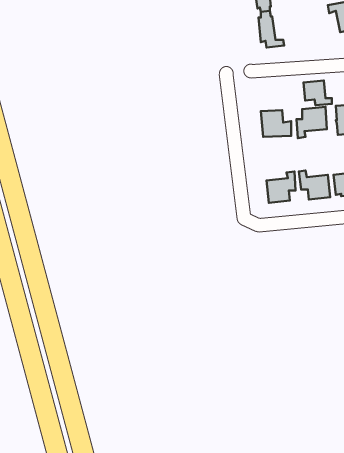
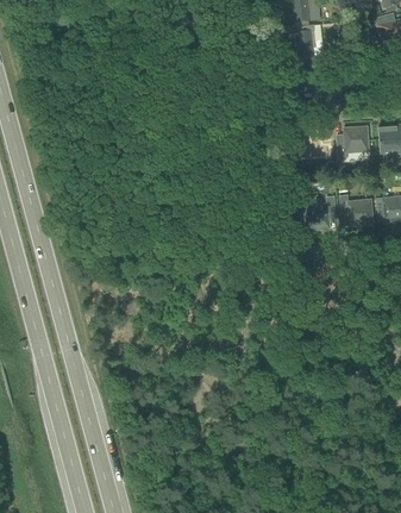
building: [304,81,332,105] -> none

